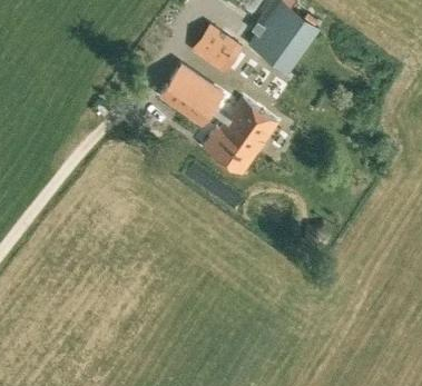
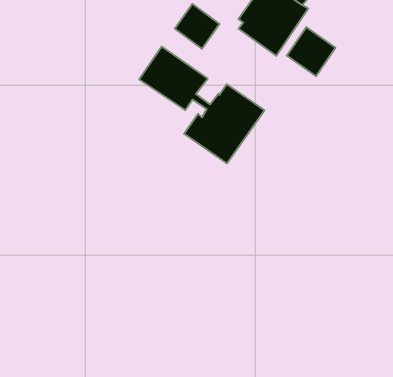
building: none -> [287,27,335,76]

